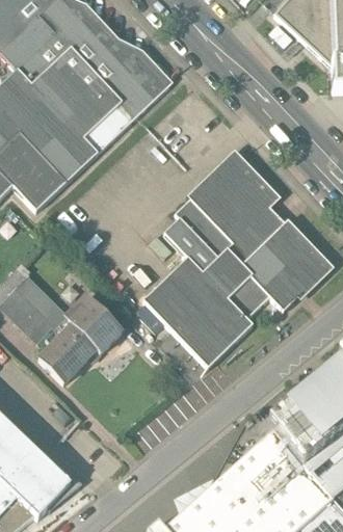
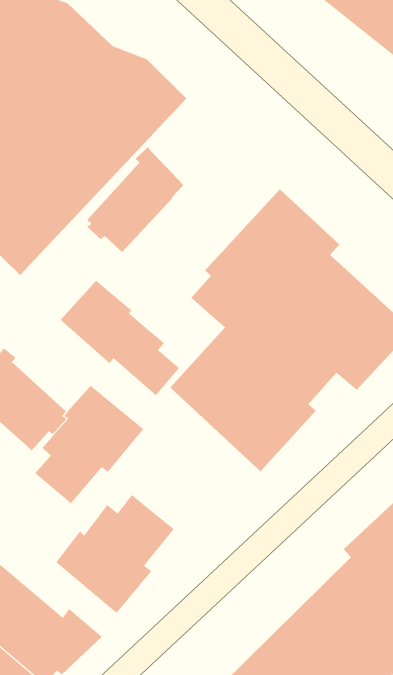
building: none -> [86,147,184,253]
building: none -> [60,280,180,396]
building: none -> [56,494,174,614]

